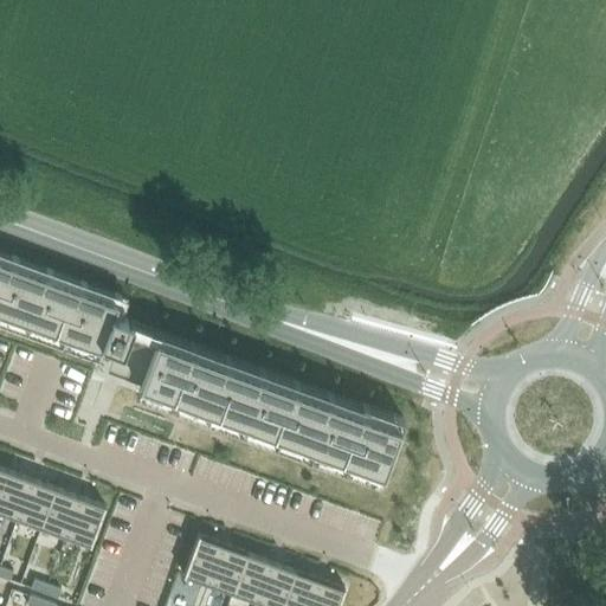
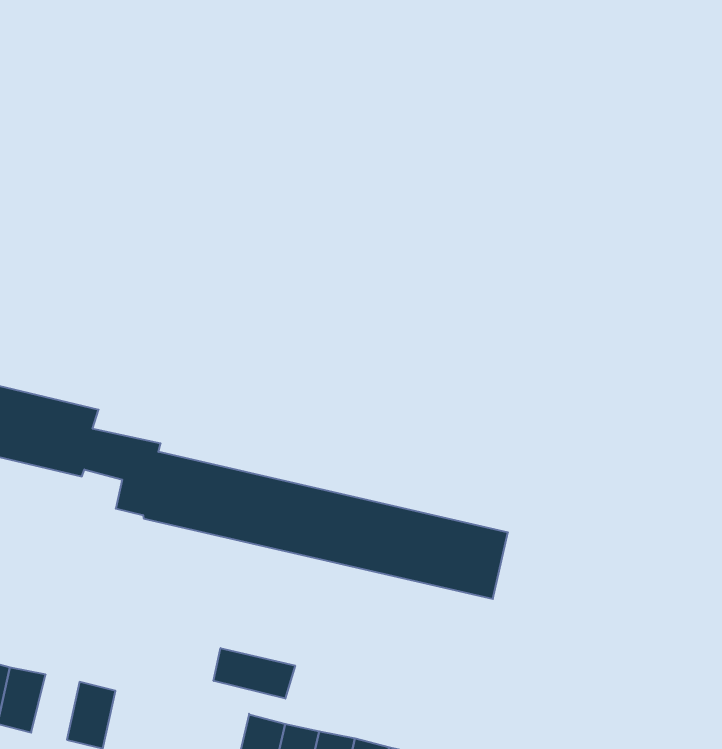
building: none -> [214,648,295,699]
building: [40,491,79,540] -> none

